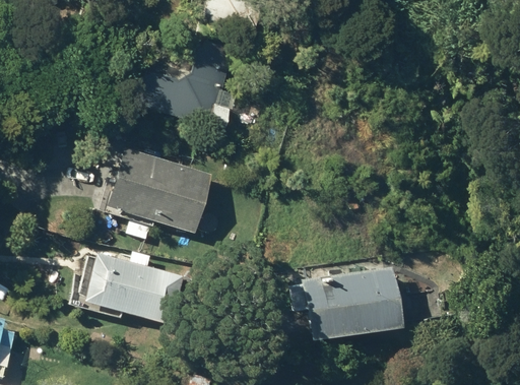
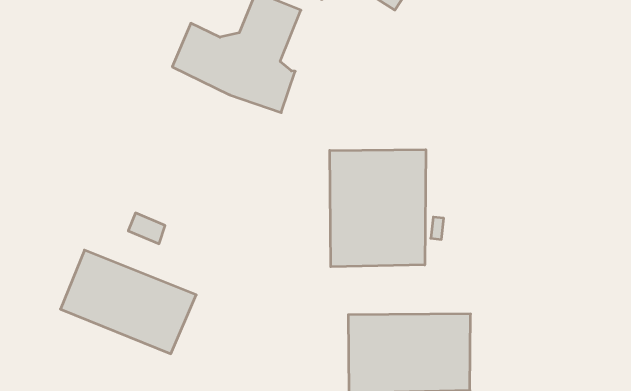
building: [100,145,209,232] -> none
building: none -> [330,150,426,267]

